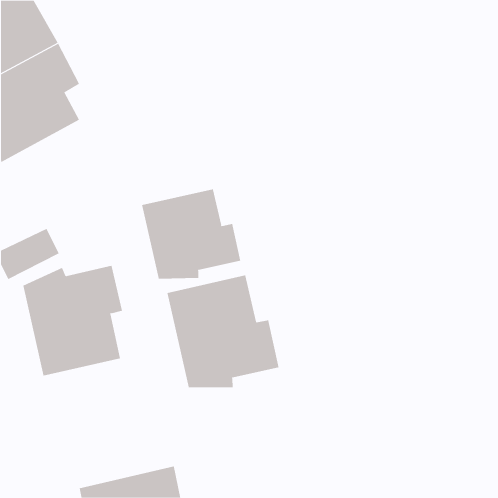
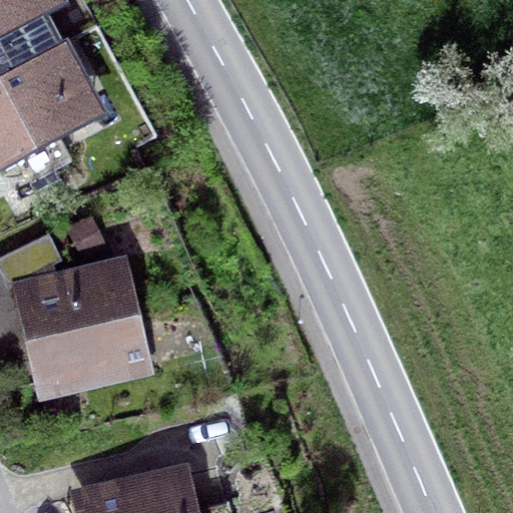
building: [142,188,241,280] -> none
building: [167,275,279,388] -> none

